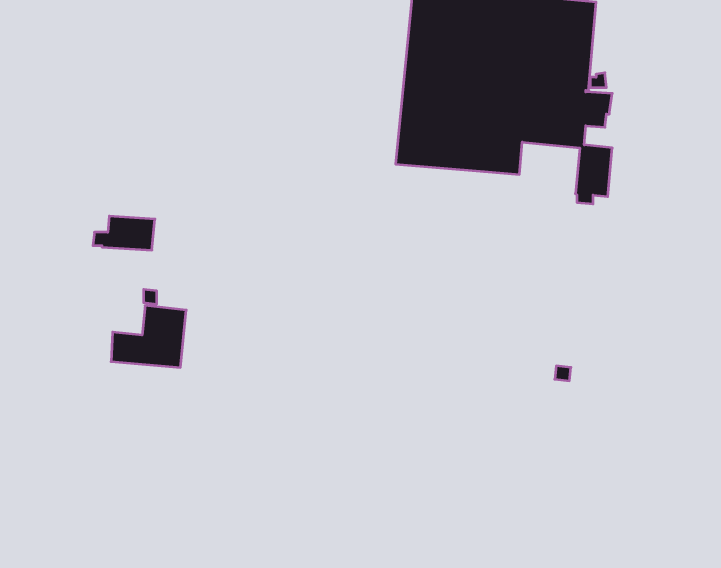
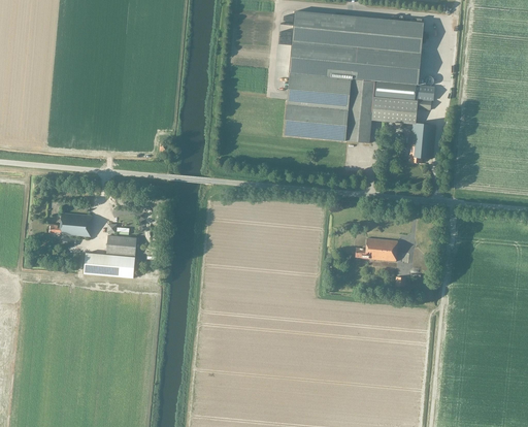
building: [93,216,155,250] -> [50,212,93,236]
building: none -> [356,237,398,261]

